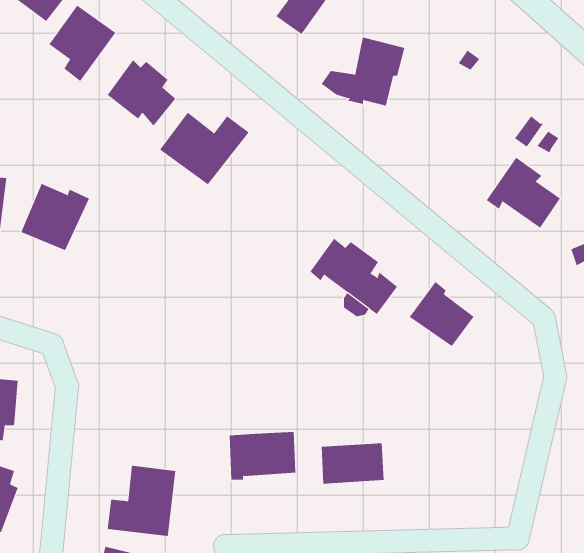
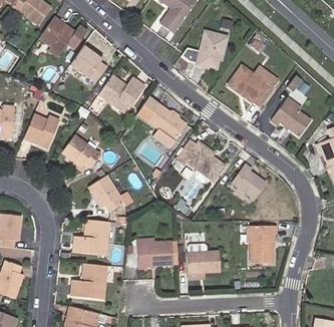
building: none -> [232,65,280,108]
building: none -> [138,98,187,147]
building: none -> [61,135,99,169]
building: none -> [89,174,133,212]
building: none -> [76,216,111,251]
building: none -> [251,226,275,263]

